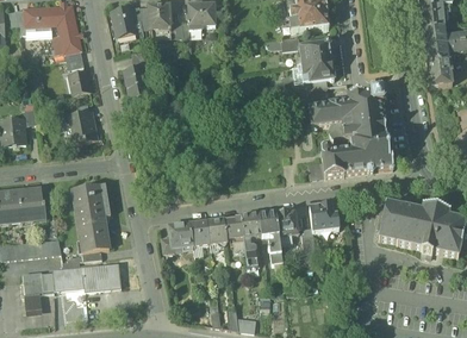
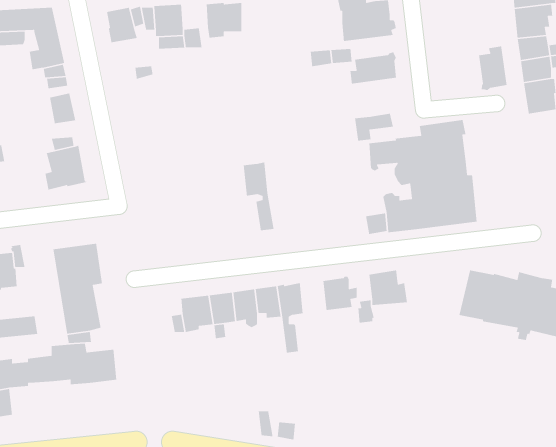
building: none -> [478,46,508,91]
building: [297,60,335,82] -> none
building: [124,64,148,98] -> none
building: [259,211,282,263] -> [243,162,274,231]

